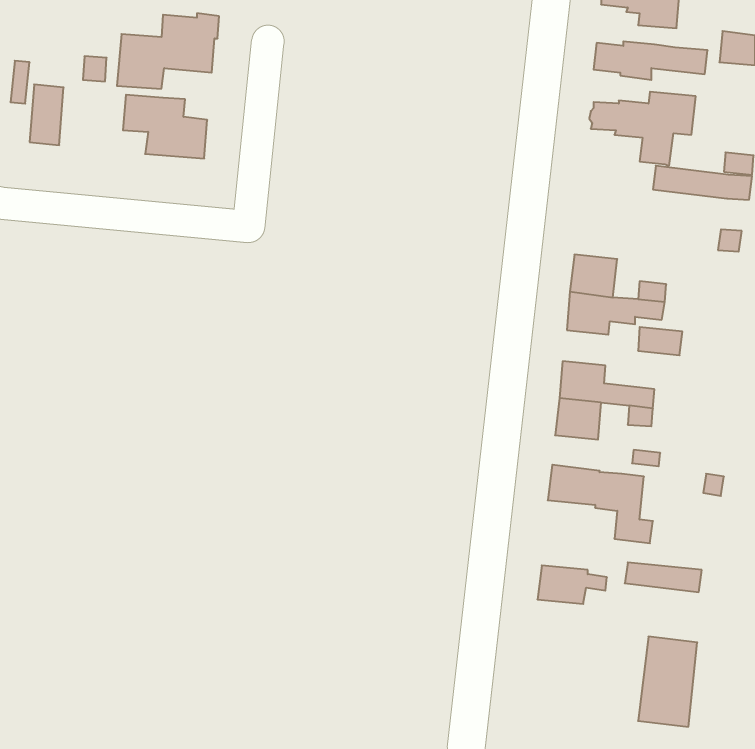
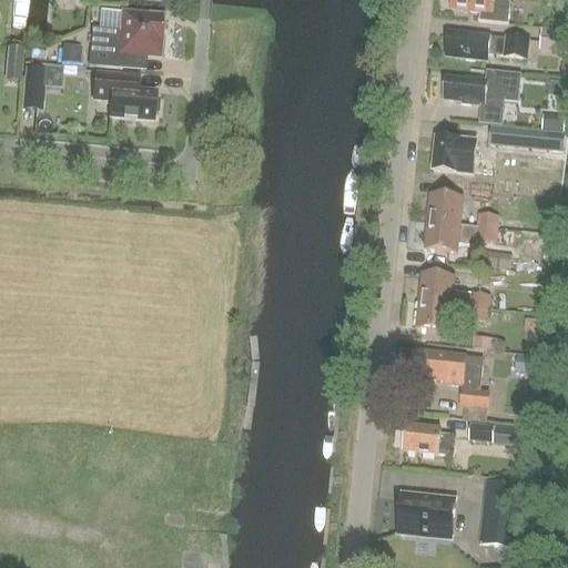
building: none -> [433,135,476,172]
building: none -> [396,494,455,535]

